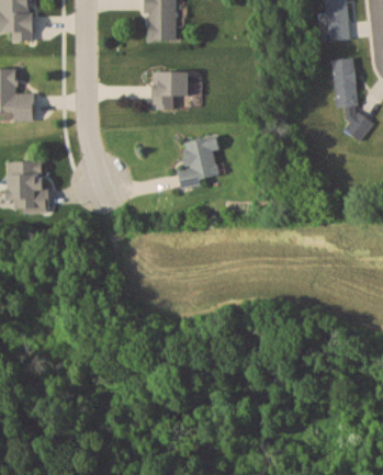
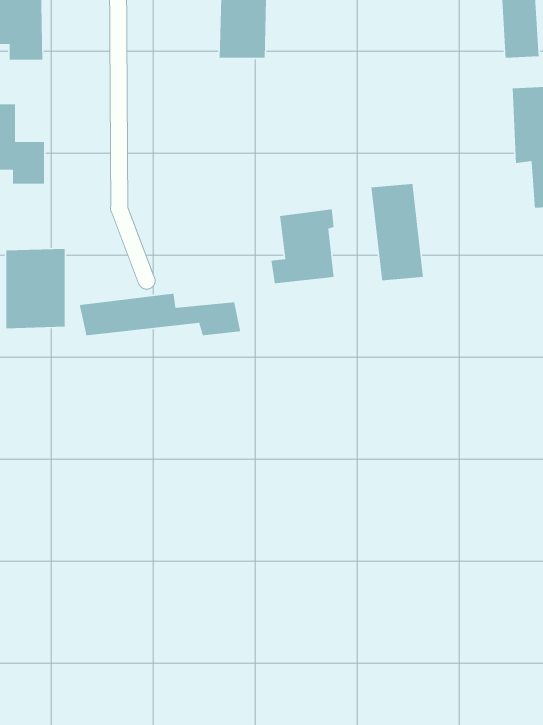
building: [153,70,189,109] -> none
building: none -> [371,183,424,281]
building: none -> [79,293,241,336]

